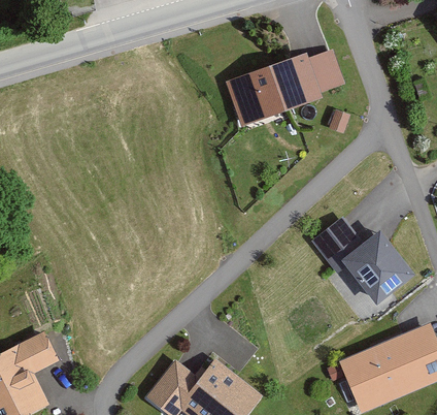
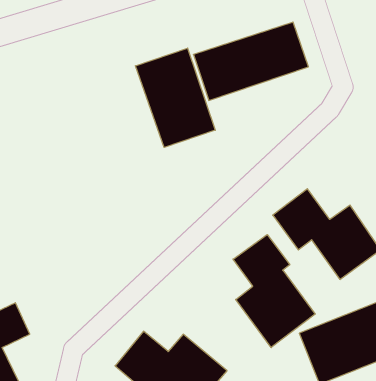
building: none -> [135,48,215,147]
building: none -> [233,235,315,348]

